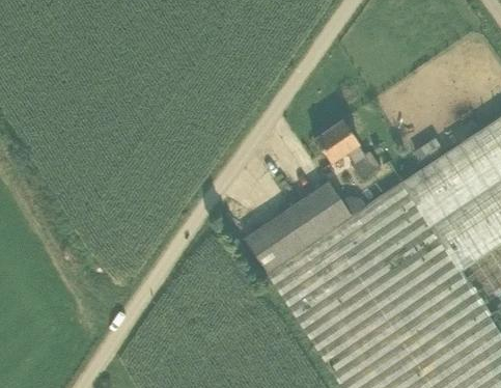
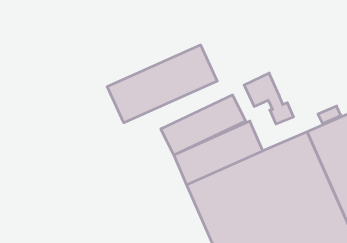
building: none -> [107,45,217,123]
building: none -> [161,95,245,155]

